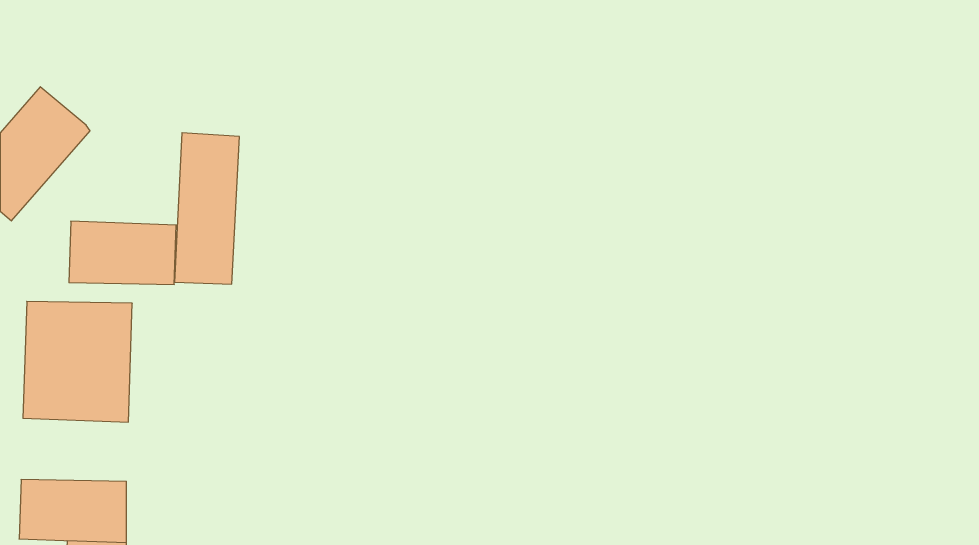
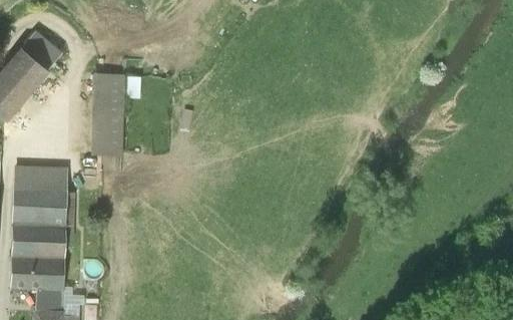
building: none -> [21,33,60,71]
building: [69,221,176,284] -> [11,225,67,258]

